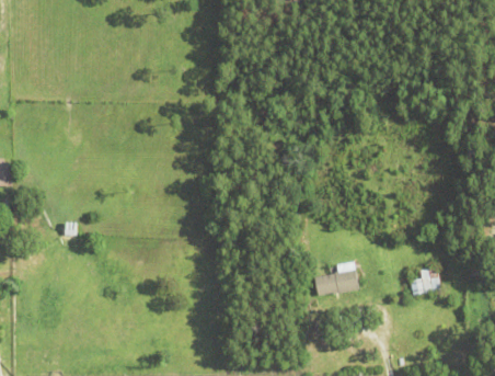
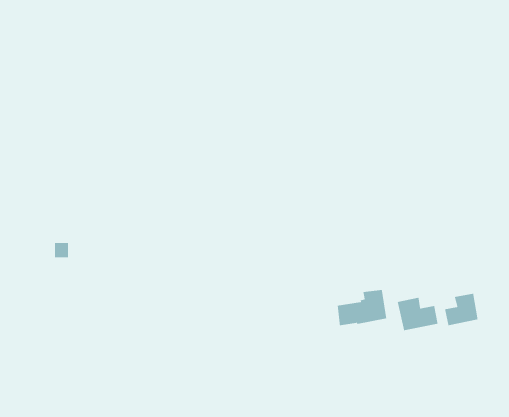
building: none -> [397,297,438,331]

